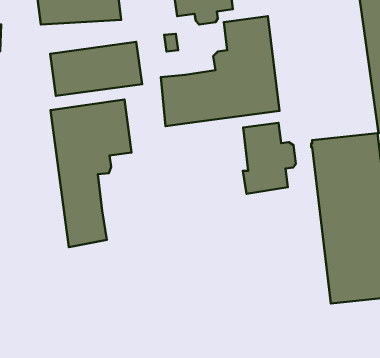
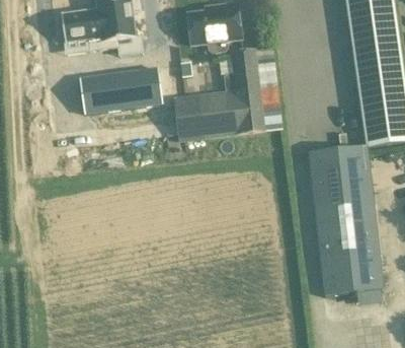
building: [50,99,132,247] -> none
building: [243,123,296,194] -> none

